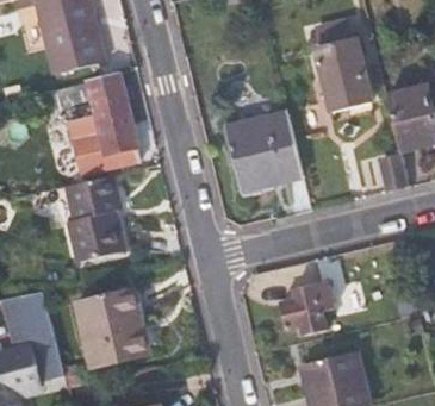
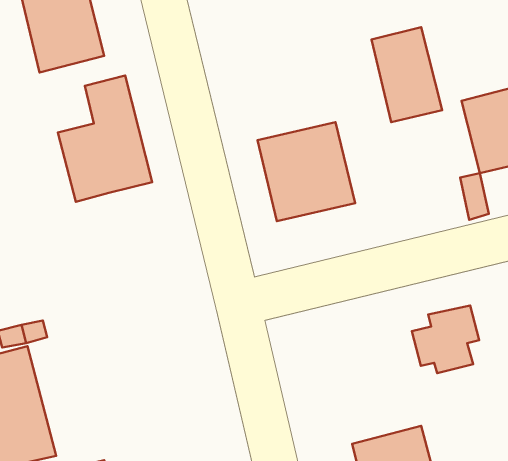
building: [61,168,120,258] -> none
building: [279,281,333,335] -> [412,306,479,373]
building: [76,288,147,364] -> none

